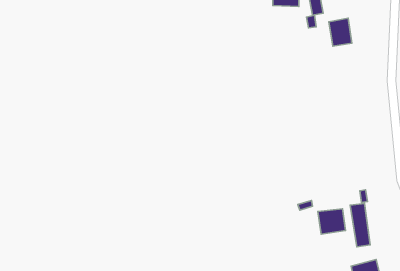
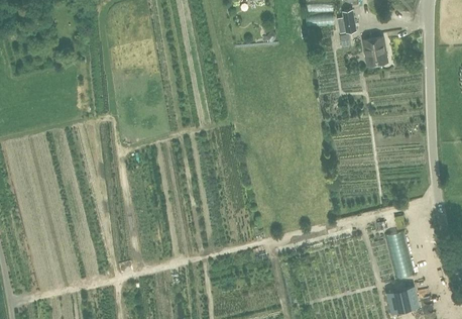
building: [318,209,345,234] -> none

